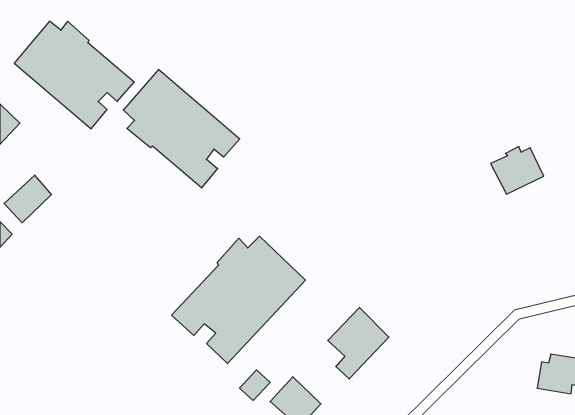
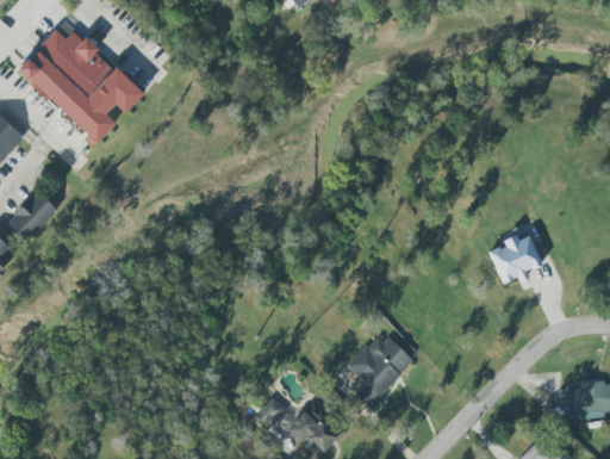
building: [123,69,240,188] -> none
building: [491,147,544,194] -> [487,234,543,284]
building: [172,236,305,364] -> none

